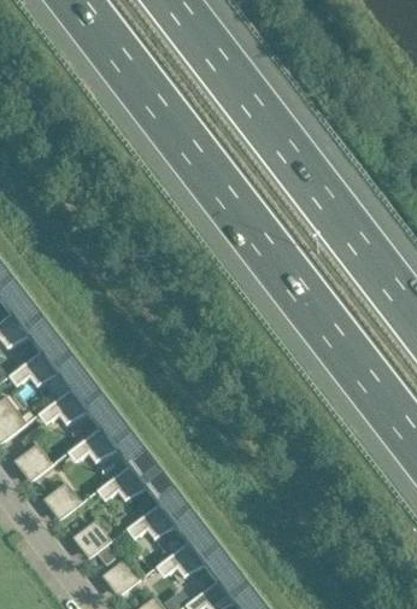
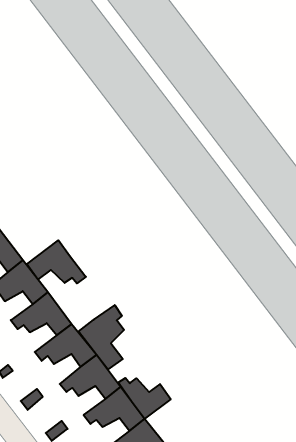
building: none -> [27,240,86,283]
building: none -> [79,305,124,370]
building: none -> [118,378,171,419]

